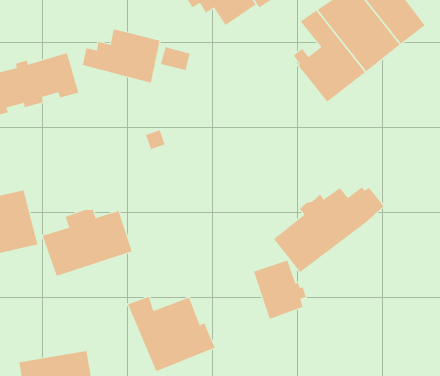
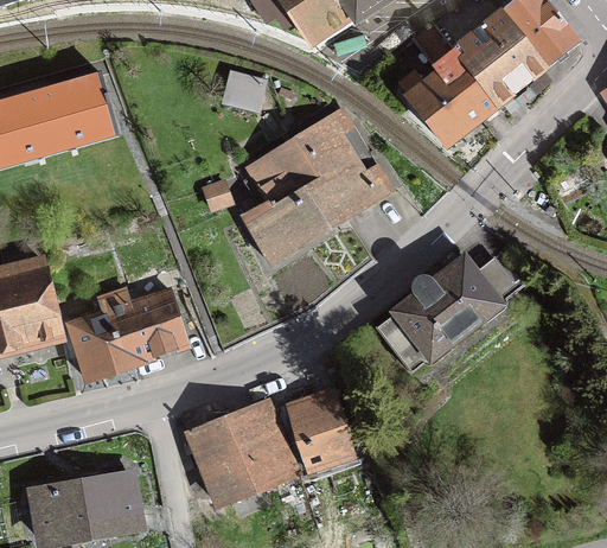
building: [82,28,160,83] -> none
building: none -> [242,111,391,266]
building: [253,260,307,320] -> [287,391,358,471]

